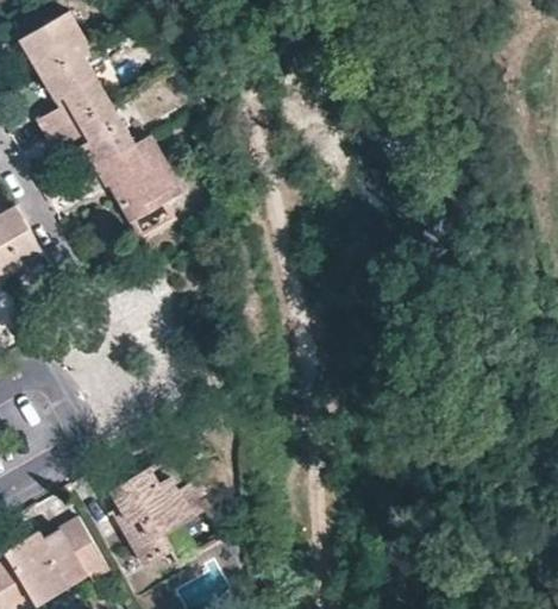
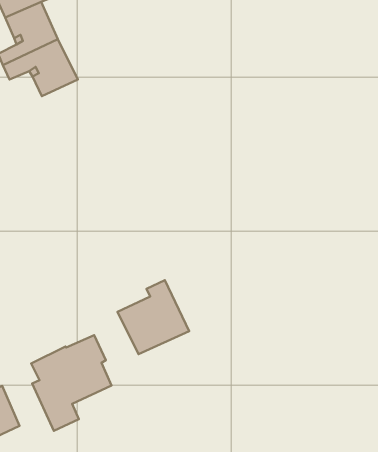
building: [94,136,182,221] -> none
building: none -> [118,280,189,354]

